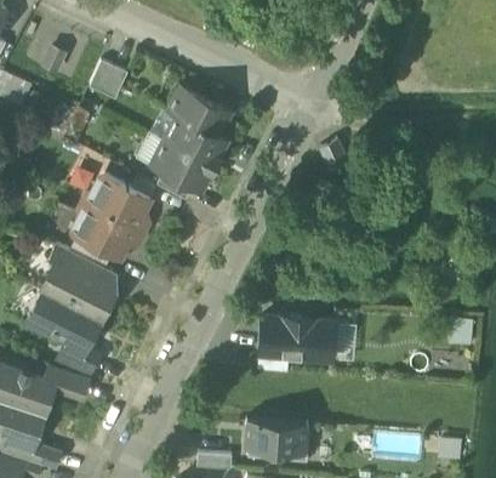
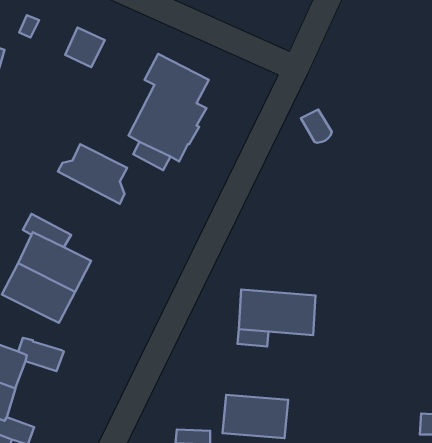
building: [74,200,143,257] -> none
building: [58,342,98,375] -> none

